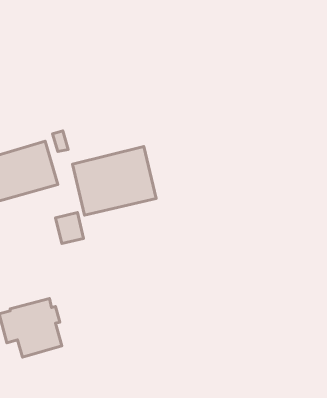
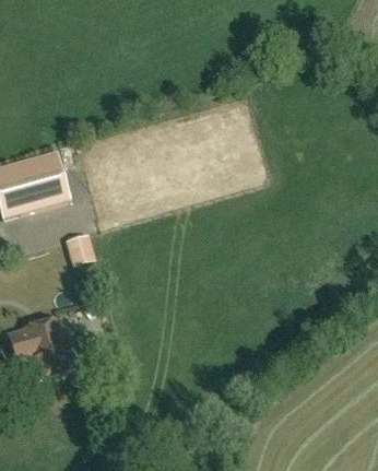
building: [73,147,156,215] -> none

